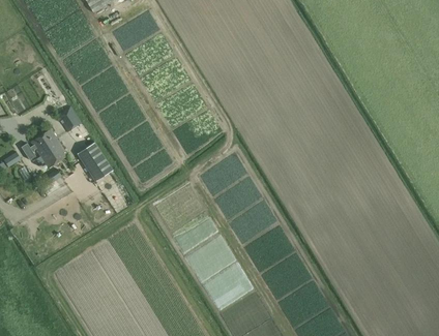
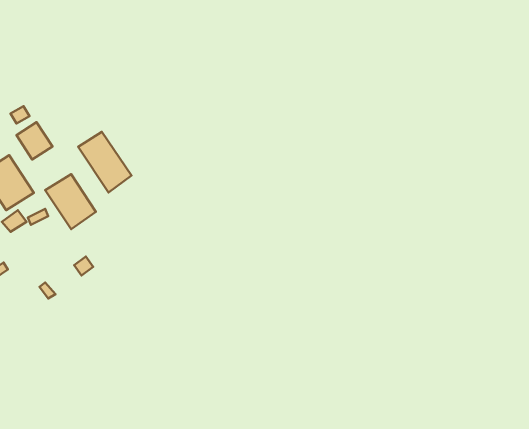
building: none -> [78,132,131,192]

